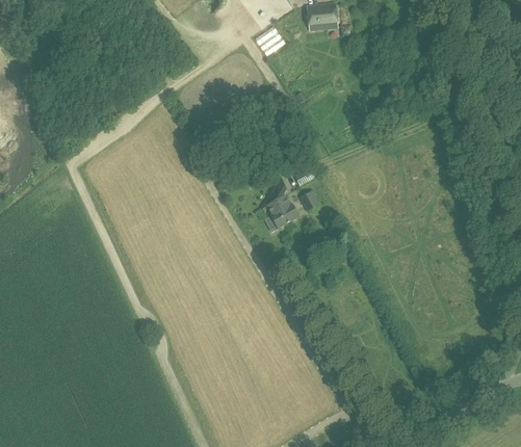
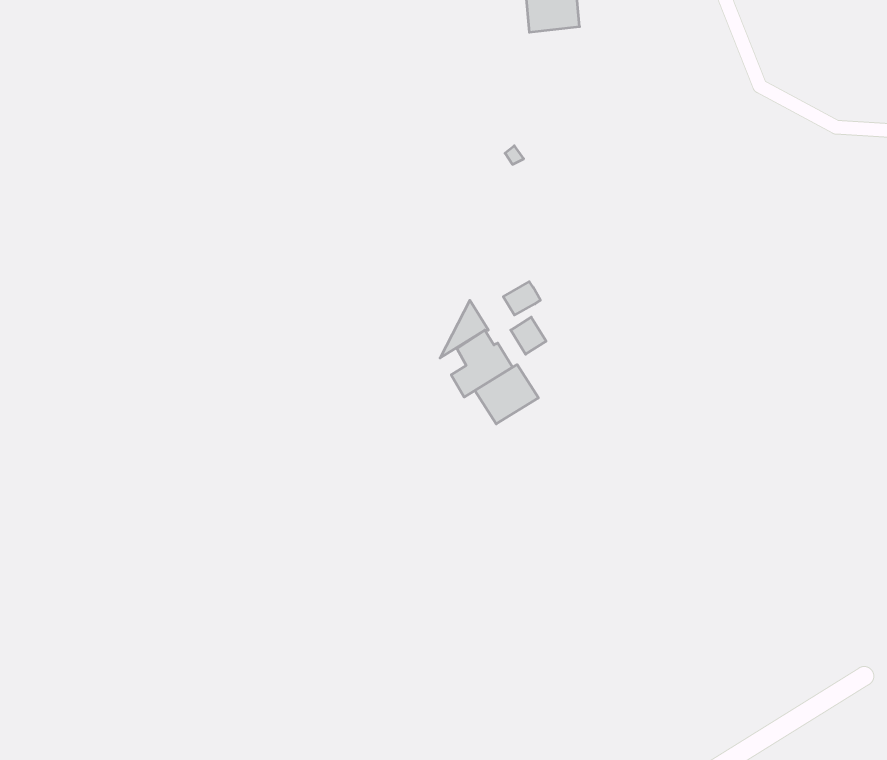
building: none -> [475,365,538,424]

